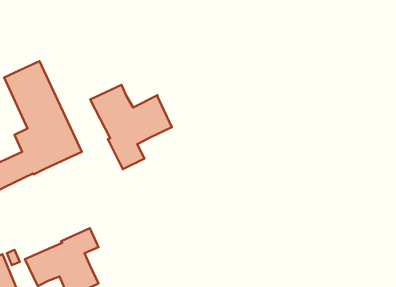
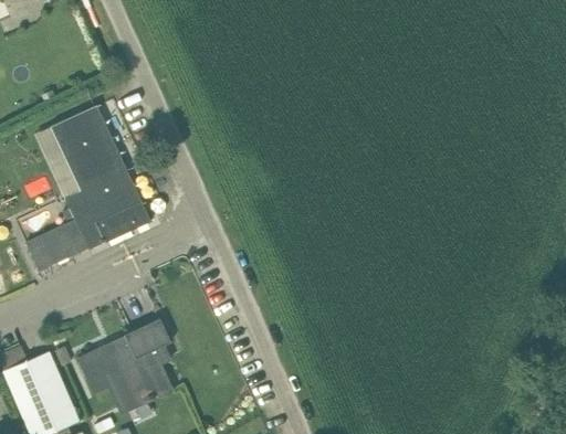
building: [90,85,172,169] -> none

